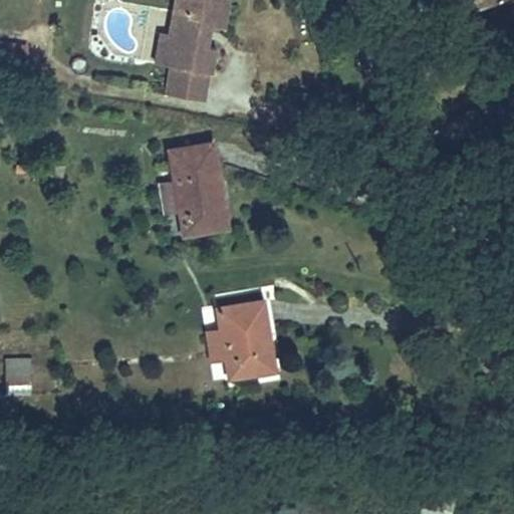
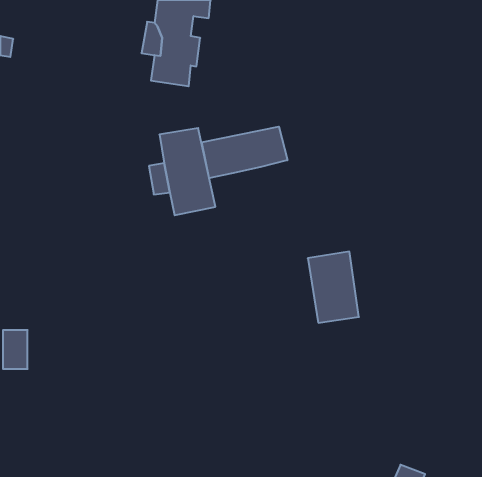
building: none -> [202,127,287,178]
building: [220,305,274,380] -> [308,252,359,323]

